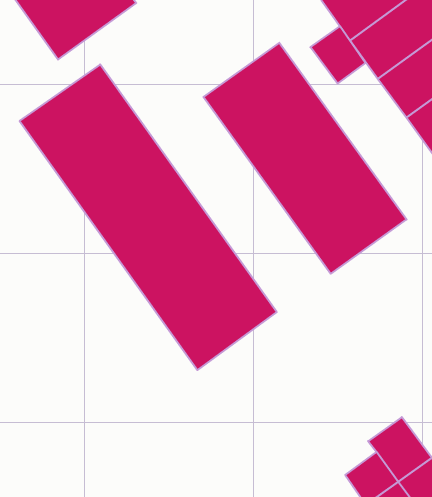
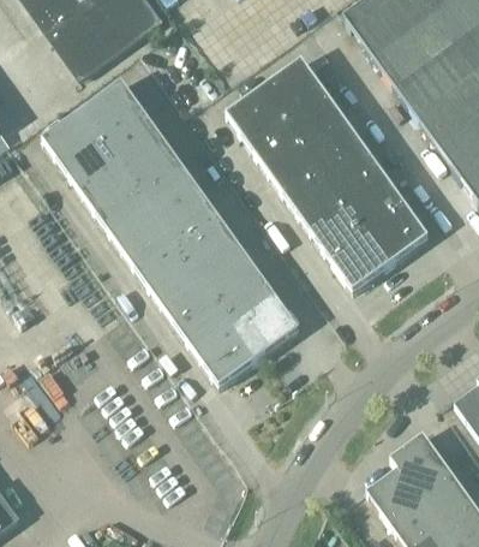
building: [310,26,366,83] -> none

